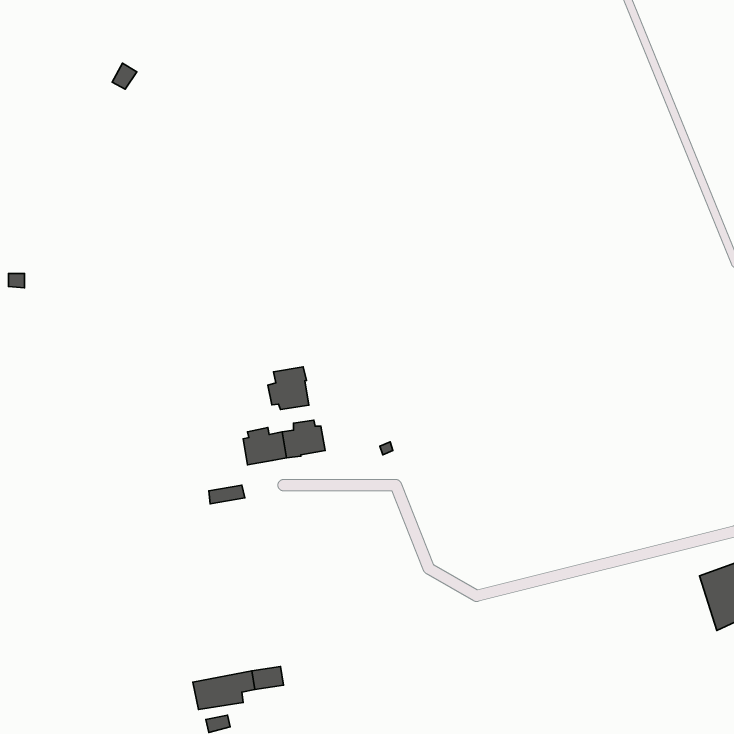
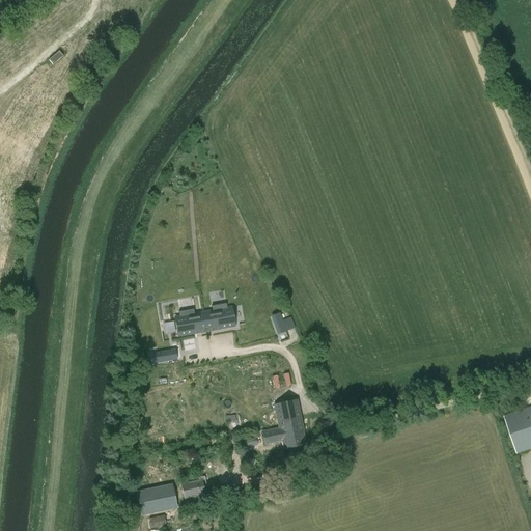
building: [268,367,309,410] -> none
building: none -> [263,400,307,449]

